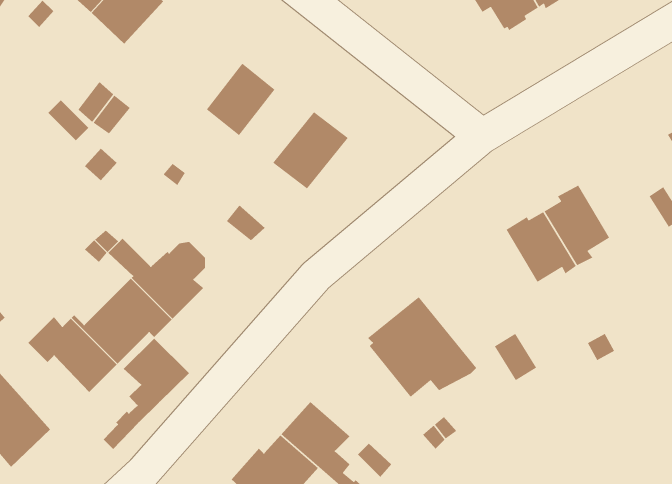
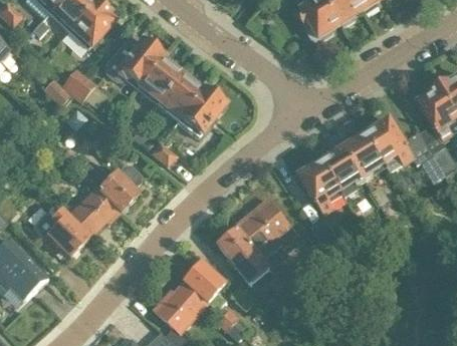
building: none -> [101,38,163,86]
building: none -> [159,74,204,118]
building: none -> [364,119,412,169]
building: none -> [298,158,338,214]
building: [103,338,190,450] -> none
building: none -> [218,229,265,276]

